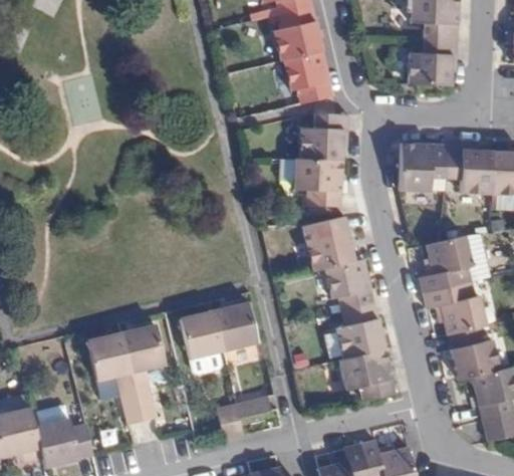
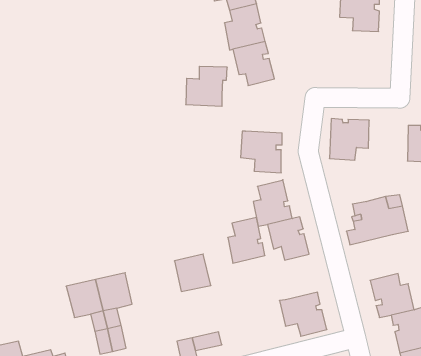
building: [407,39,456,86] -> none
building: [298,113,347,161] -> [186,66,227,106]
building: [444,146,491,194] -> none
building: [422,281,486,335] -> none
building: [339,304,383,359] -> [228,217,265,263]
building: [181,312,222,356] -> none

